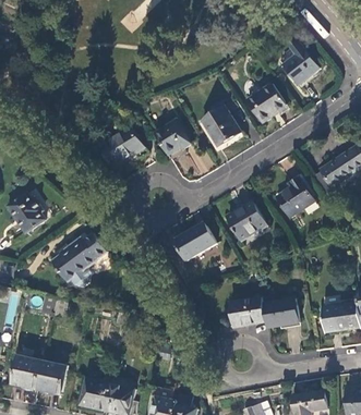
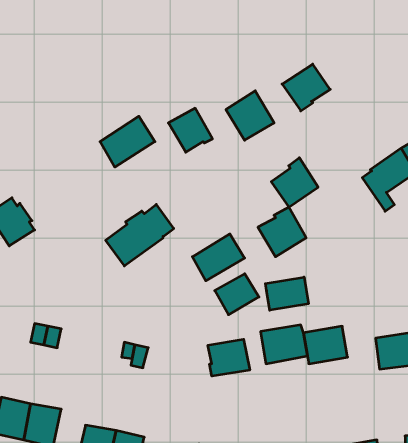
building: [281,41,320,86] -> none
building: [276,176,314,217] -> [271,158,318,207]
building: [51,232,107,282] -> [106,204,174,266]
building: none -> [215,274,259,315]
building: none -> [265,277,308,310]
building: none -> [208,339,250,376]

